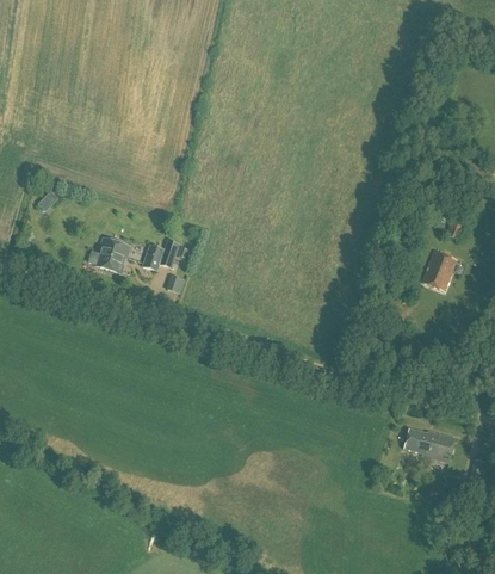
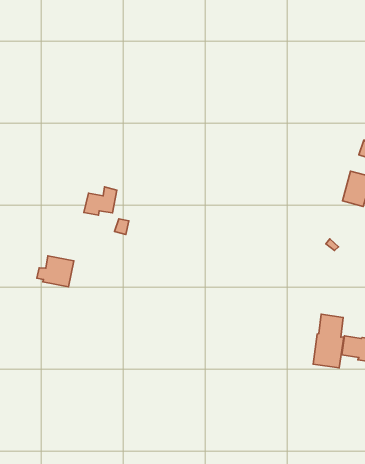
building: [88,236,130,272] -> [37,256,74,287]
building: none -> [313,314,344,368]

